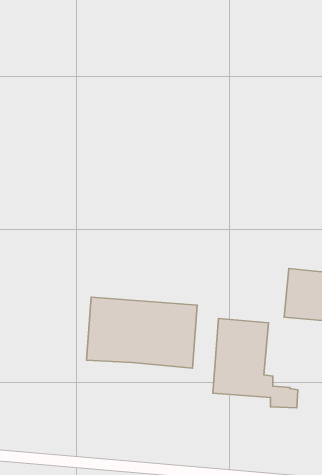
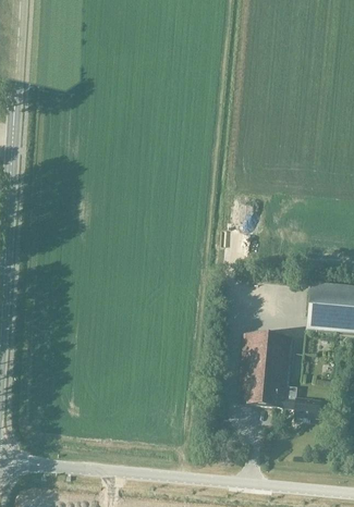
building: [87,297,197,368] -> none

